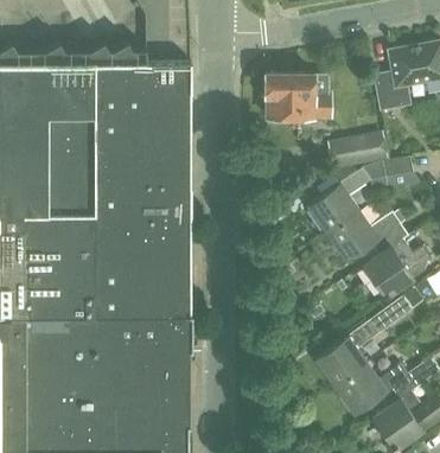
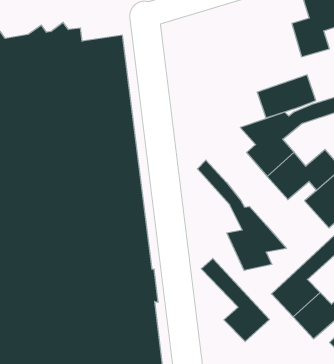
building: [261,75,330,120] -> none
building: none -> [197,160,286,271]
building: none -> [201,258,269,342]

